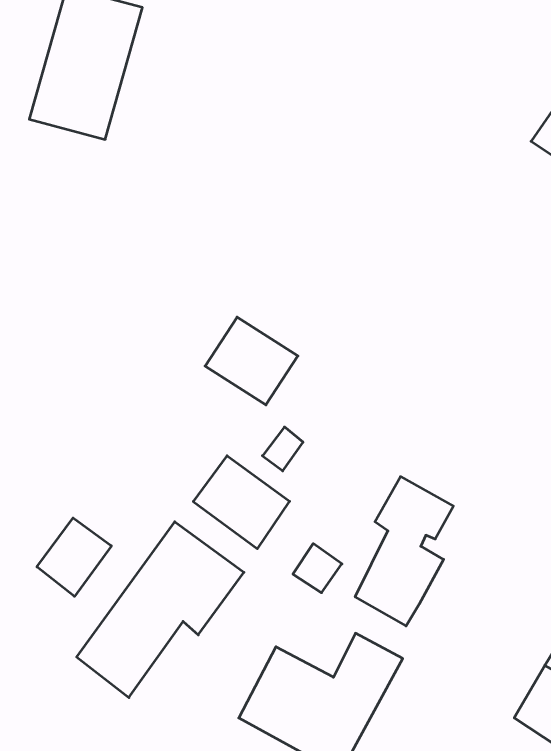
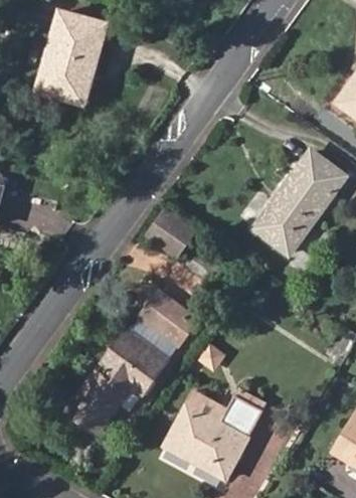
building: none -> [256,152,347,253]
building: [355,477,453,626] -> none
building: [37,518,111,596] -> none

